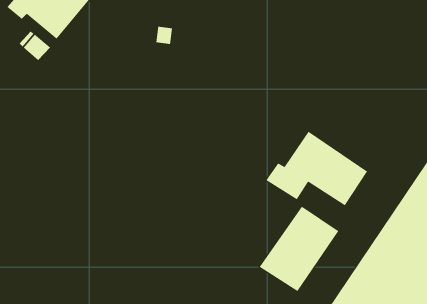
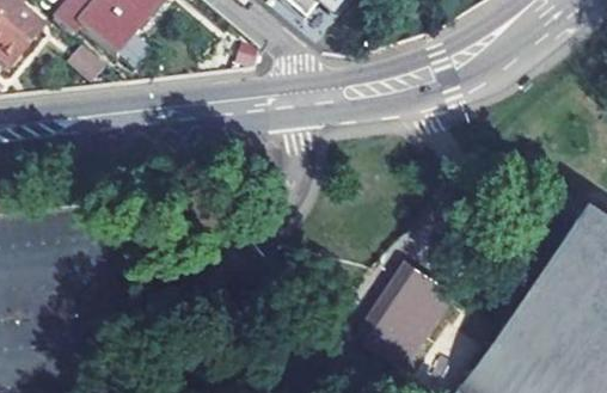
building: [266,131,368,206] -> none

